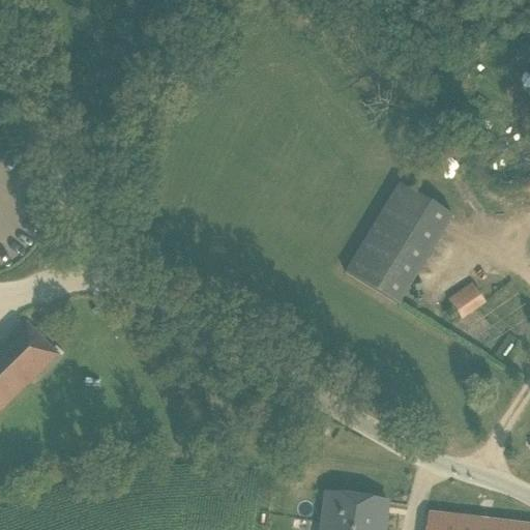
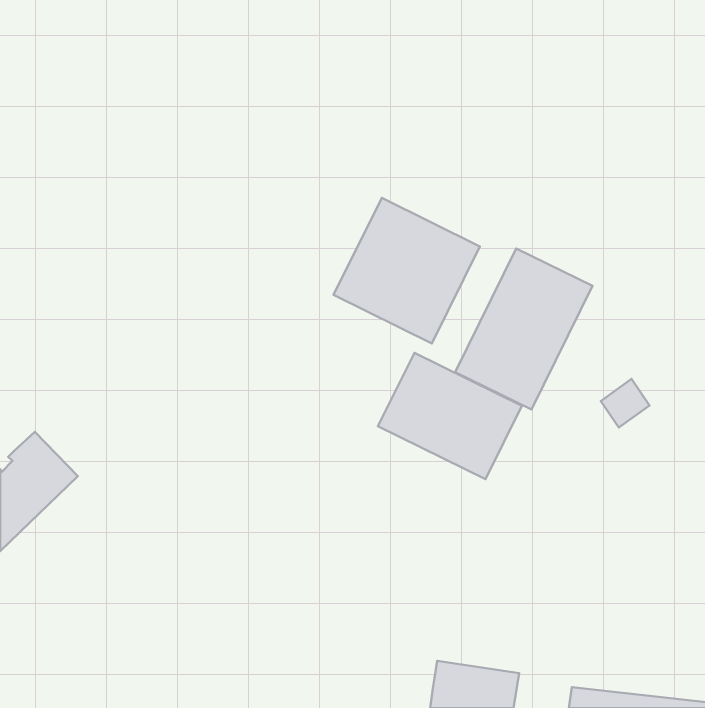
building: none -> [334,198,480,343]
building: none -> [378,353,522,479]

